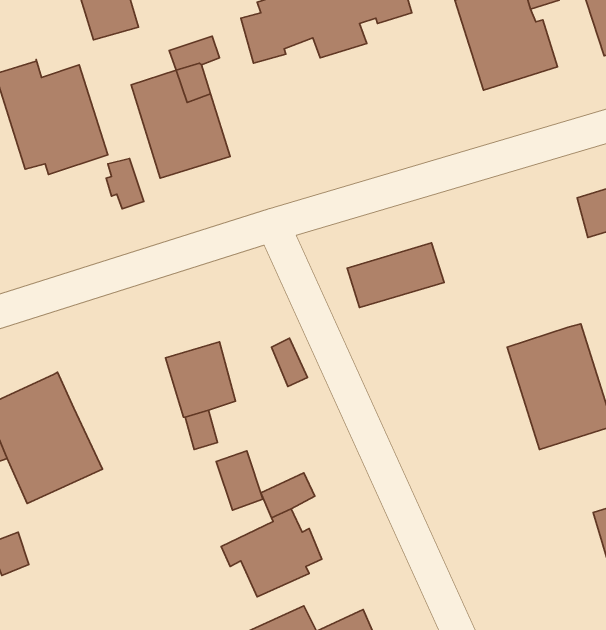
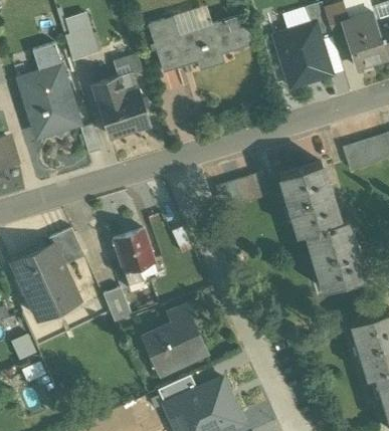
building: none -> [36,51,64,80]
building: none -> [278,162,338,233]
building: none -> [46,226,84,265]
building: [216,451,263,510] -> [105,286,131,319]

